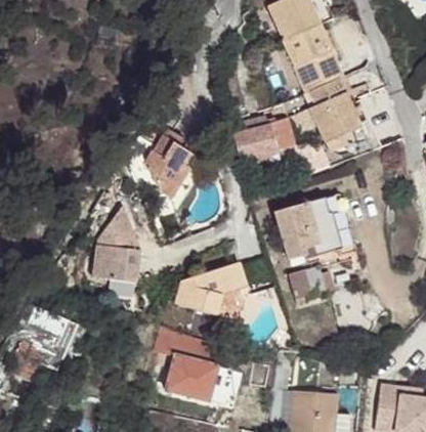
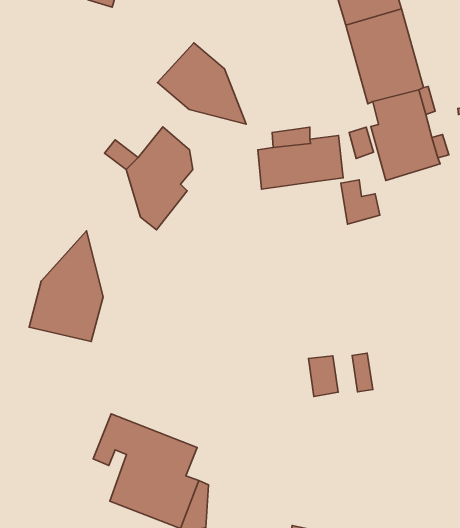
building: none -> [157,43,246,124]
building: [272,193,355,260] -> none
building: [175,262,248,319] -> none

